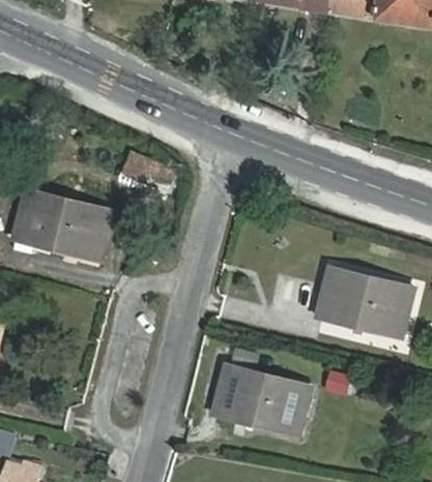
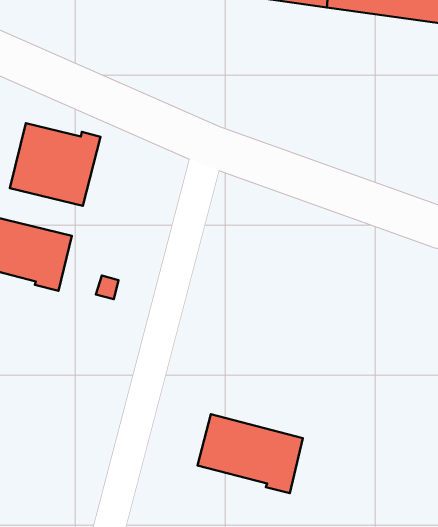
building: none -> [10,123,101,206]
building: [320,269,411,336] -> none

